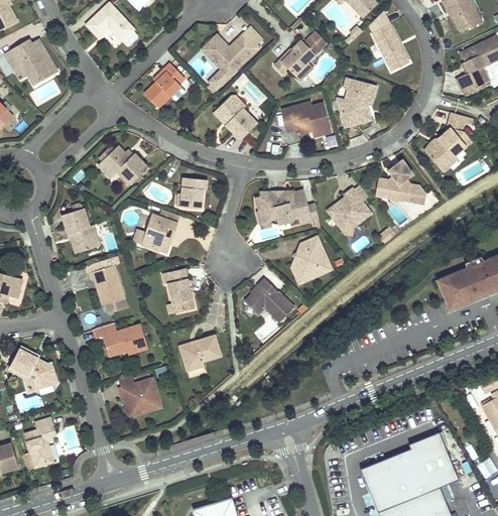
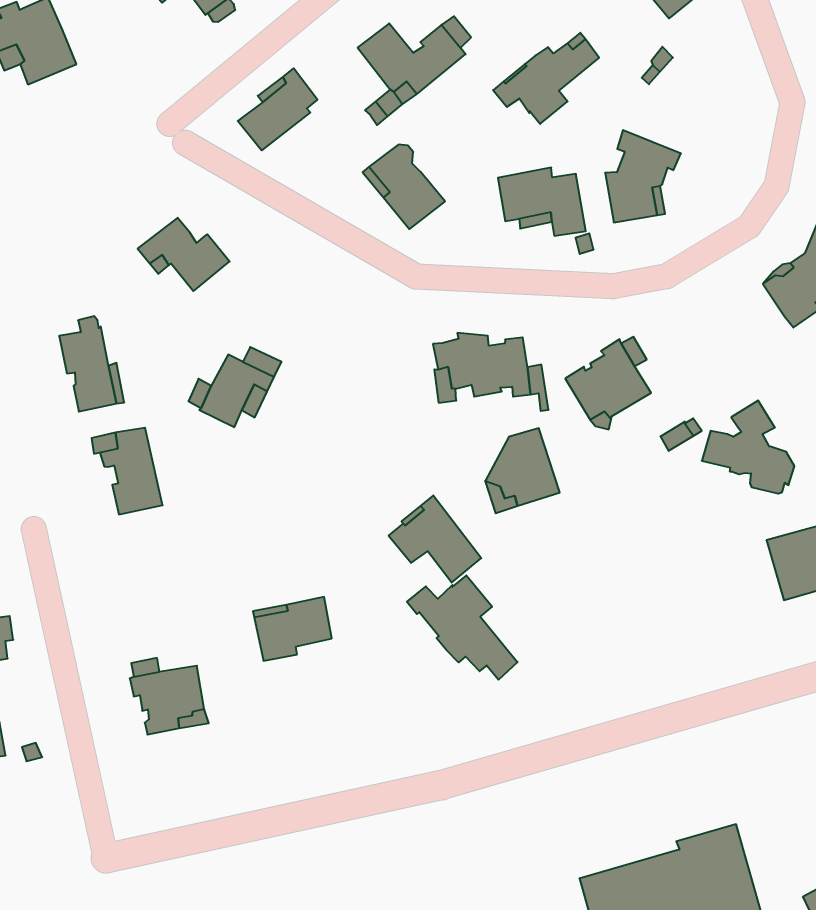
building: [372,12,410,72] -> none
building: [377,160,425,208] -> [702,401,794,494]
building: [181,177,207,209] -> none
building: [161,268,193,312] -> none
building: none -> [407,575,518,680]
building: [93,322,147,356] -> none

